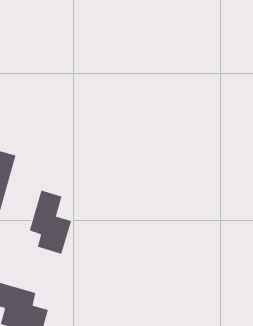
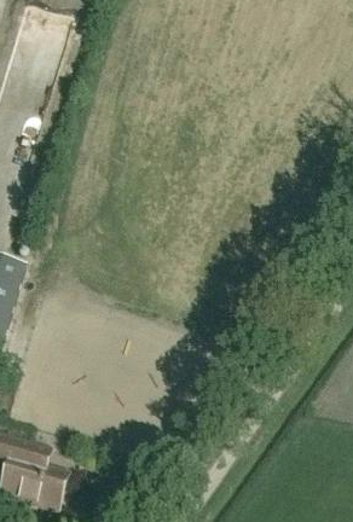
building: [29,189,72,255] -> none

